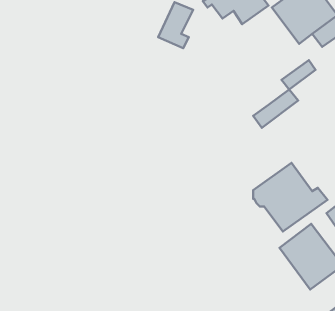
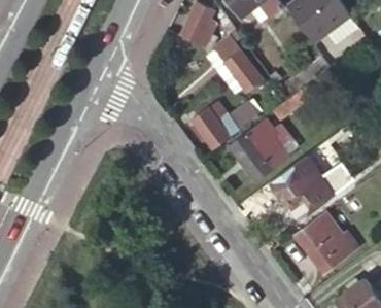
building: none -> [212,35,267,92]
building: none -> [192,103,259,149]
building: none -> [229,115,298,181]

